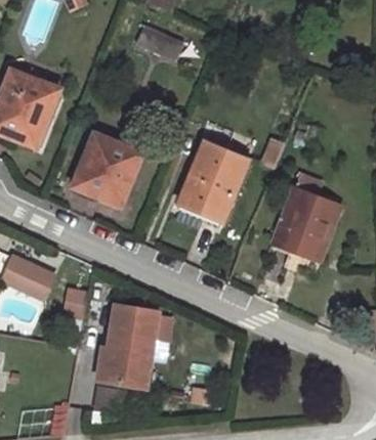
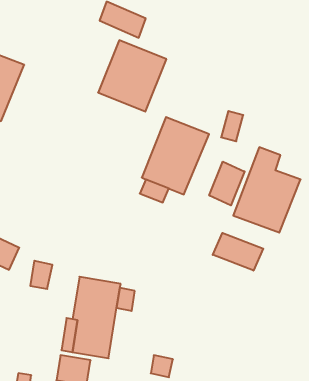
building: [72,133,141,206] -> [98,40,166,112]
building: none -> [209,162,245,205]
building: none -> [213,233,263,271]

